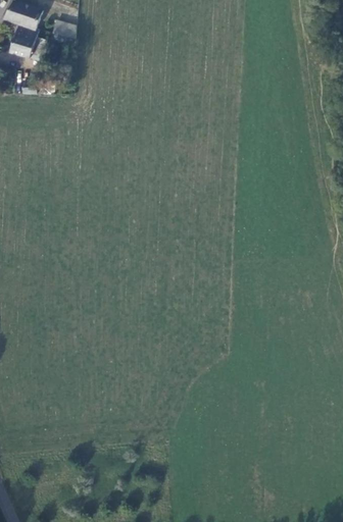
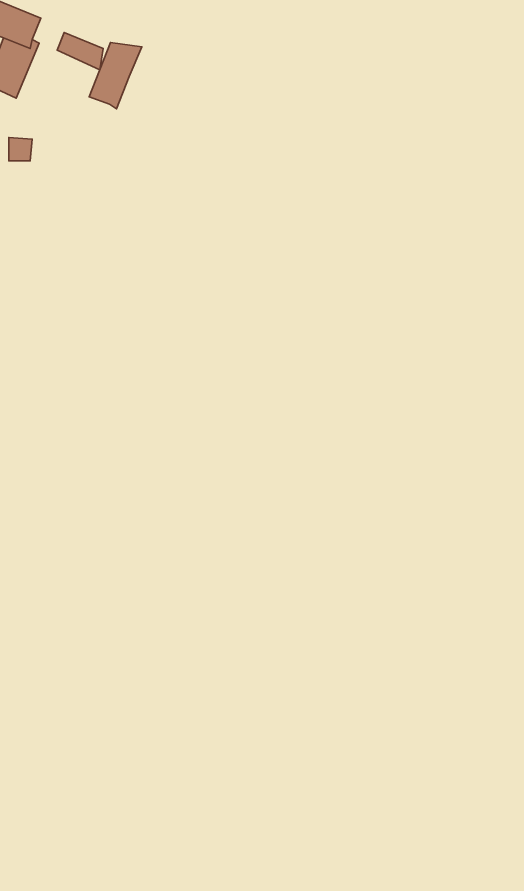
building: none -> [89,43,142,109]

